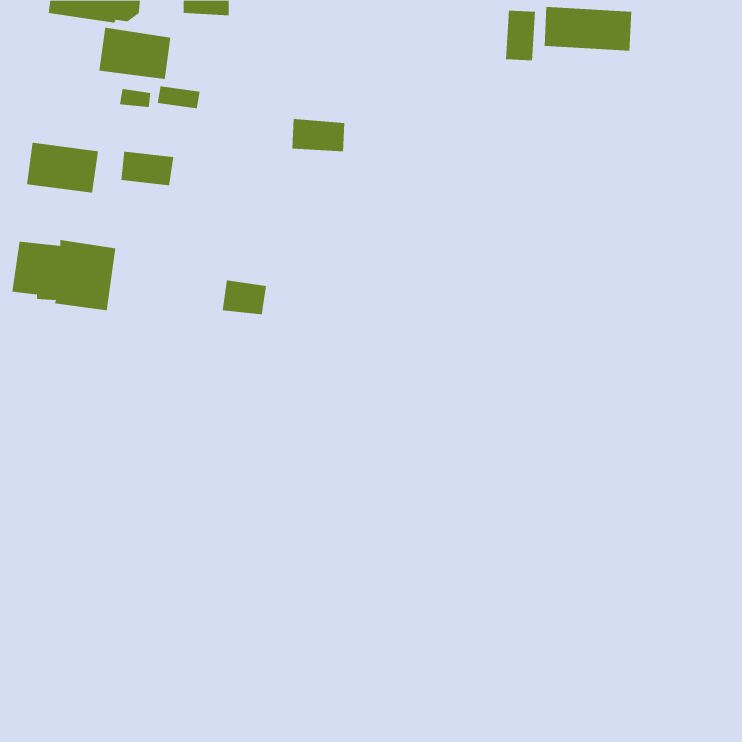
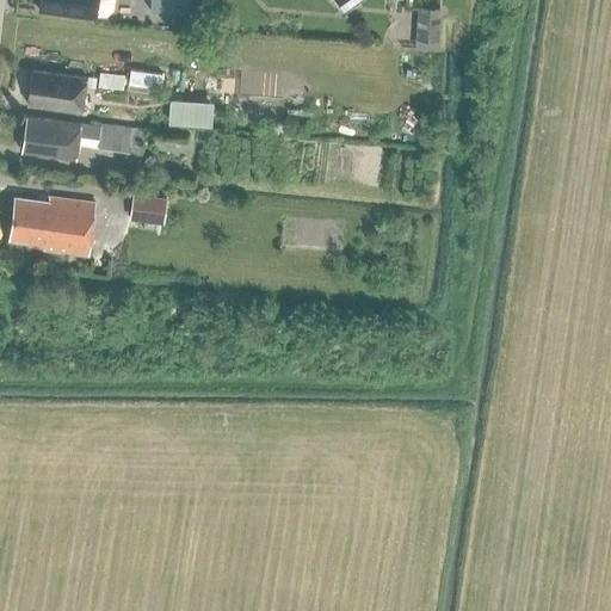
building: [544,6,632,51] -> none
building: [99,27,171,79] -> [27,69,87,112]
building: [291,118,345,152] -> [168,99,212,126]
building: [222,280,267,315] -> [130,195,167,223]

